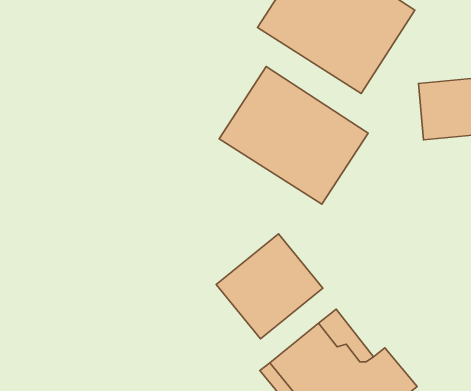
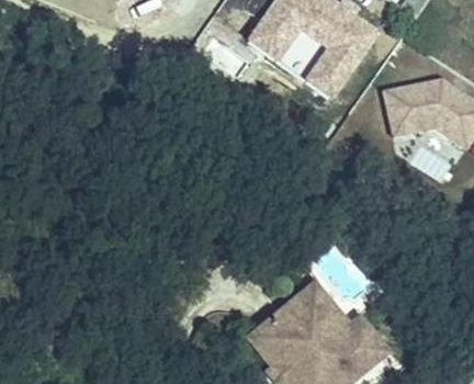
building: [219,67,368,204] -> none
building: [216,234,323,339] -> none

